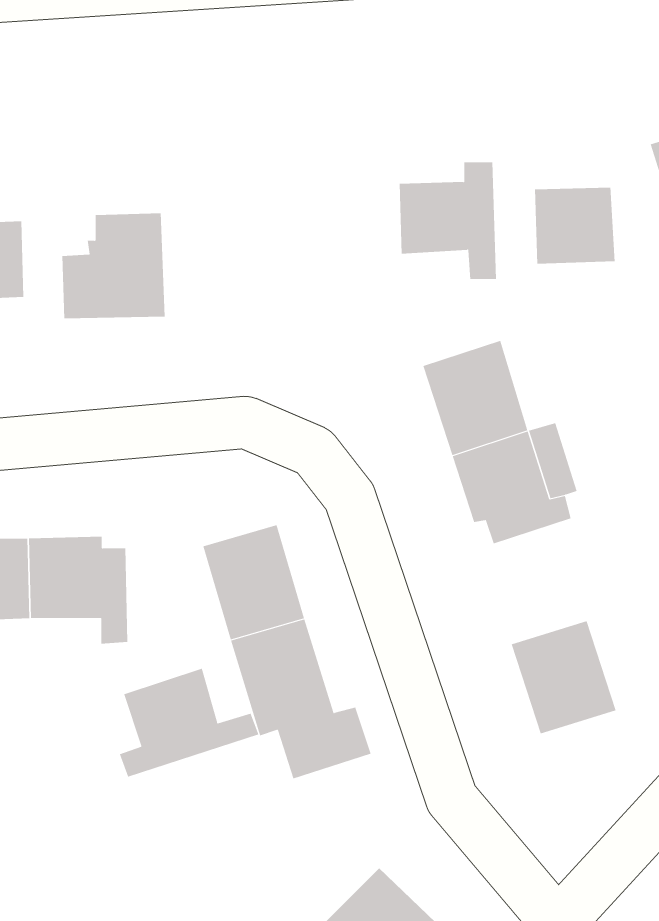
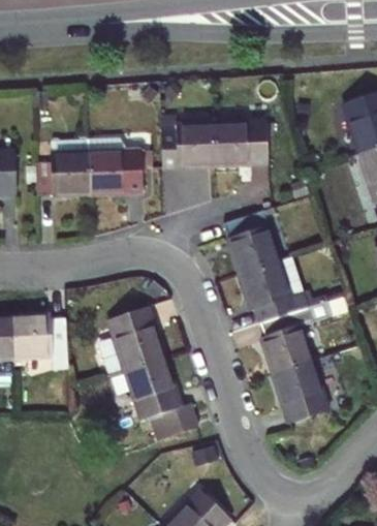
building: none -> [156,127,212,166]
building: [534,187,615,265] -> none
building: none -> [86,141,138,197]
building: none -> [257,298,329,370]
building: [119,668,259,777] -> none

